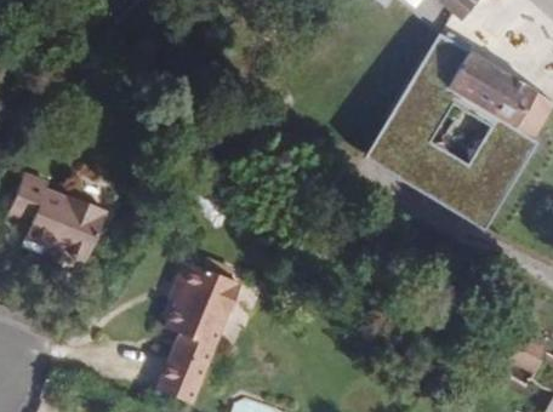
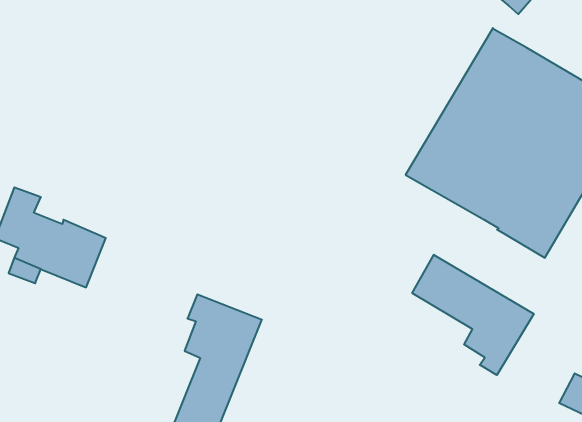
building: none -> [412,255,534,375]

